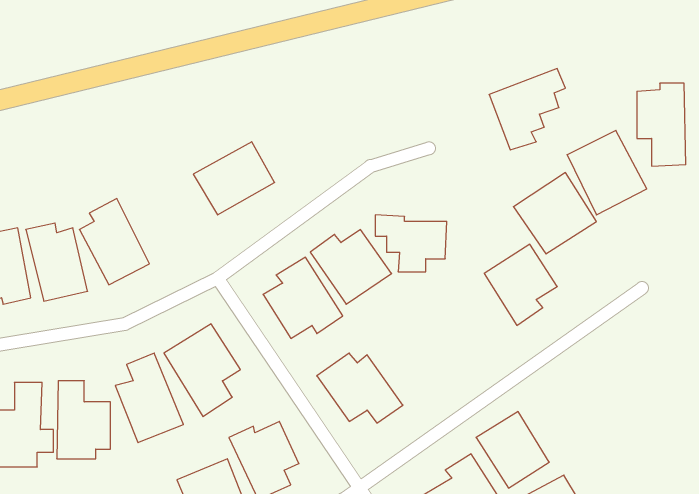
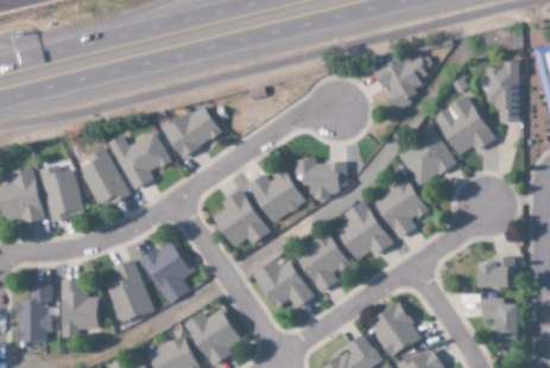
building: none -> [108,131,171,189]
building: none -> [336,199,392,260]
building: none -> [296,233,349,292]
building: none -> [478,256,513,287]
building: none -> [482,298,518,340]

